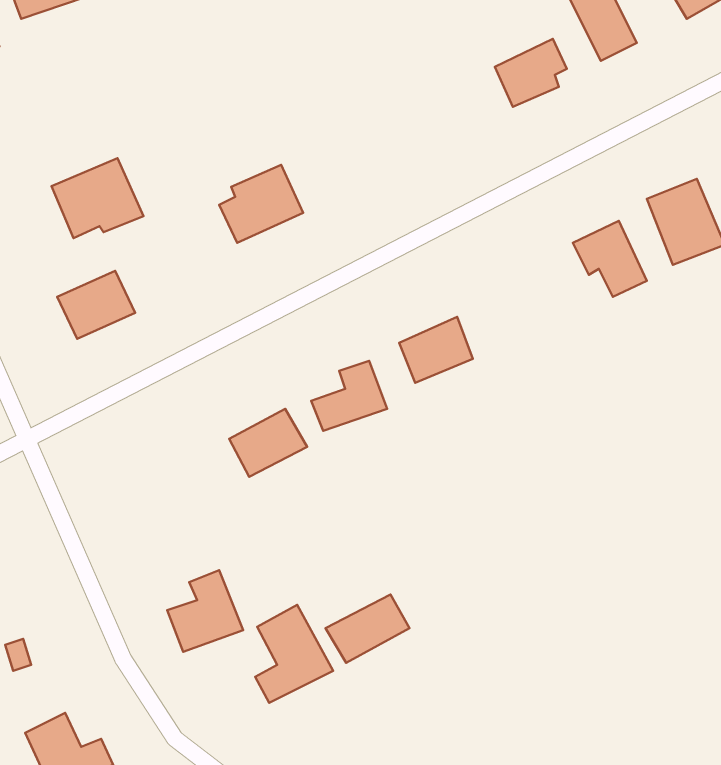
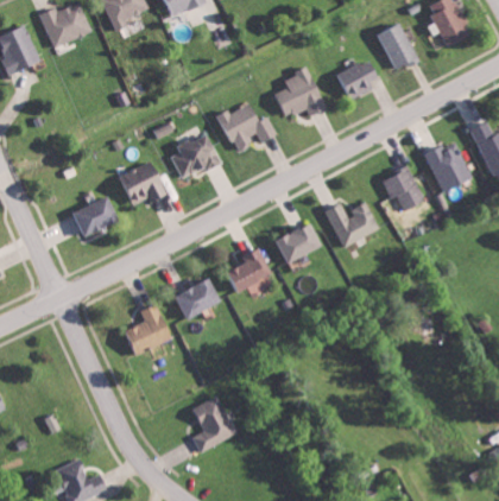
building: none -> [271,68,327,118]
building: none -> [215,102,277,152]
building: [52,158,144,238] -> [118,159,172,207]
building: none -> [323,202,377,246]
building: [167,570,243,652] -> [126,304,171,353]
building: [325,594,409,663] -> none

